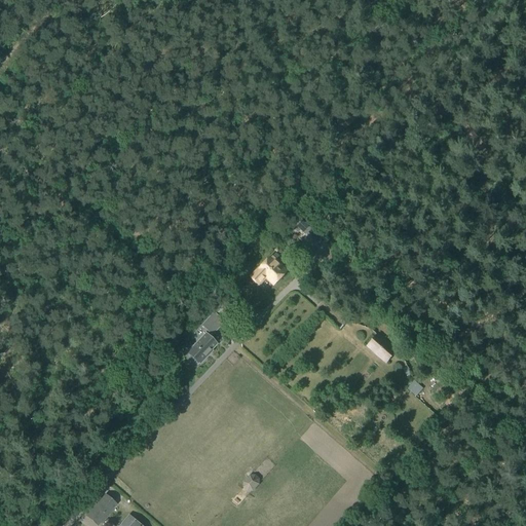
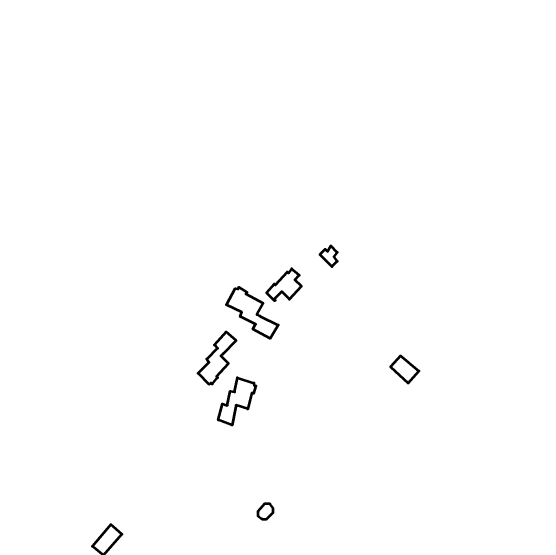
building: none -> [226,287,278,338]
building: none -> [218,378,256,425]

